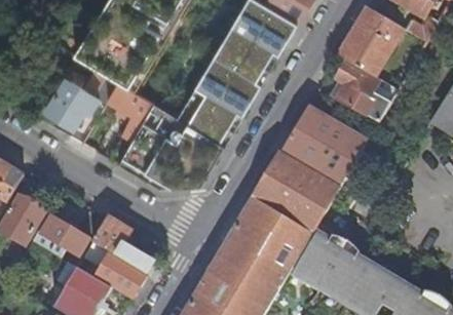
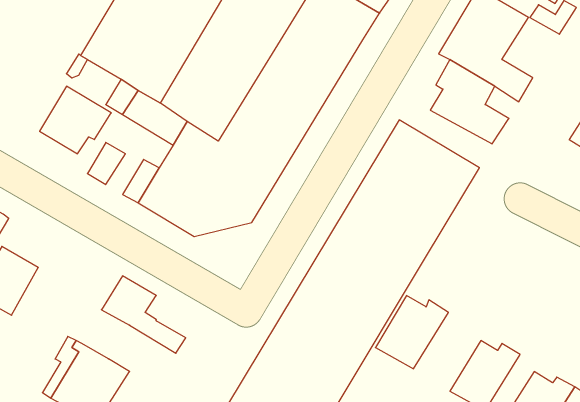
building: [32,216,88,257] -> none
building: [318,244,368,302] -> none
building: [96,253,146,300] -> none

